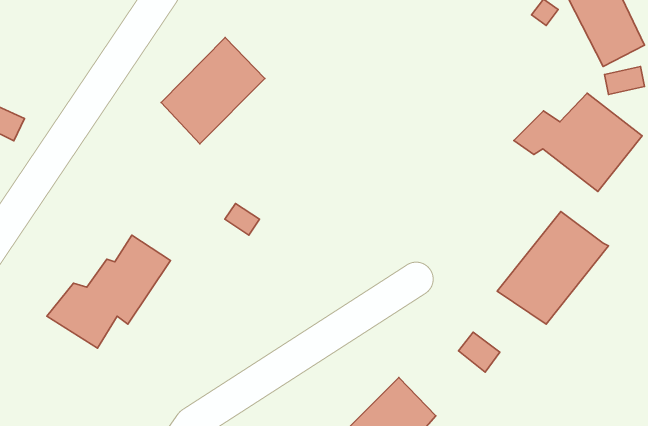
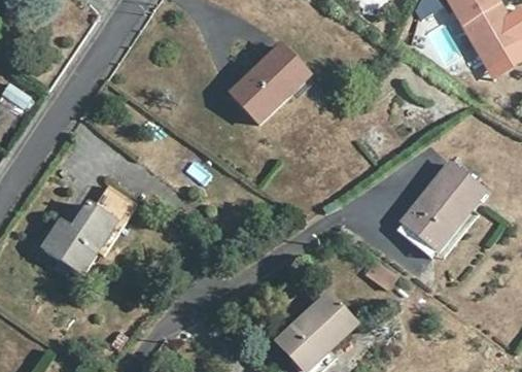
building: [161,37,265,144] -> [237,42,317,125]
building: [514,93,642,192] -> none

